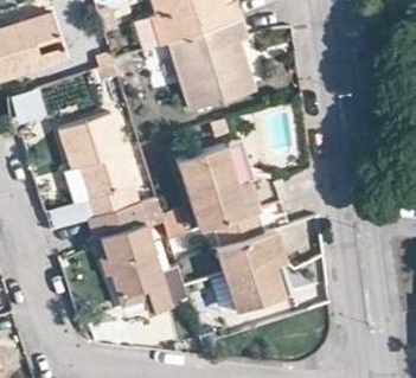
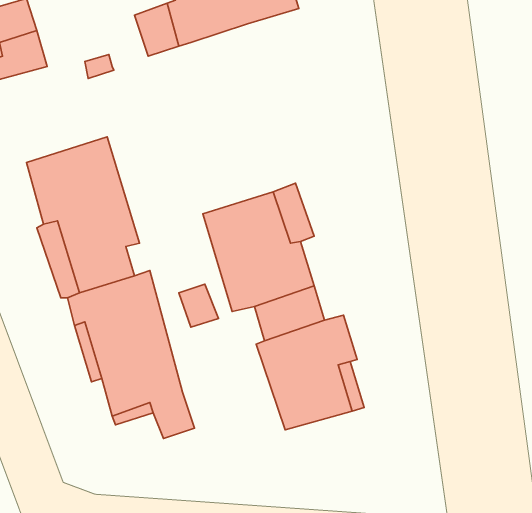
building: [172,21,260,110] -> none

